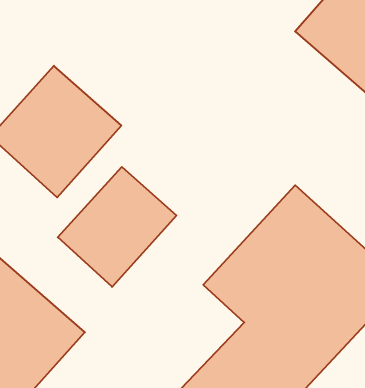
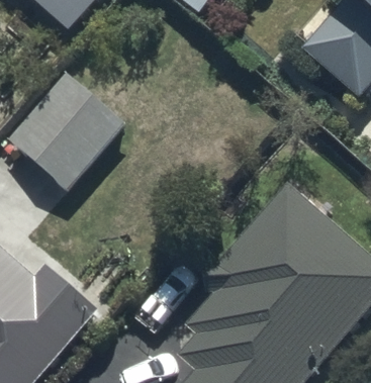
building: [58,167,176,287] -> none

